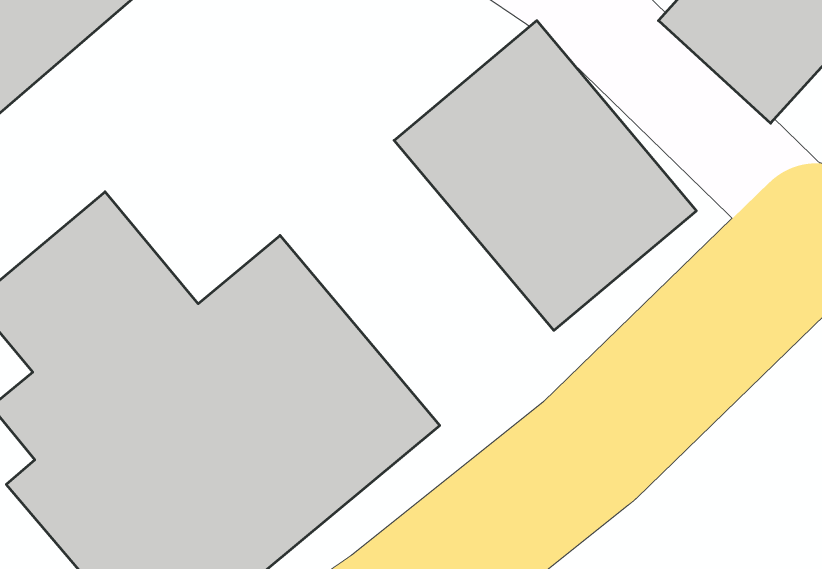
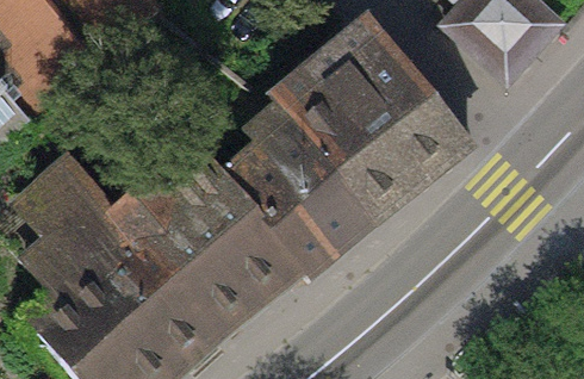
building: none -> [200,101,372,280]

